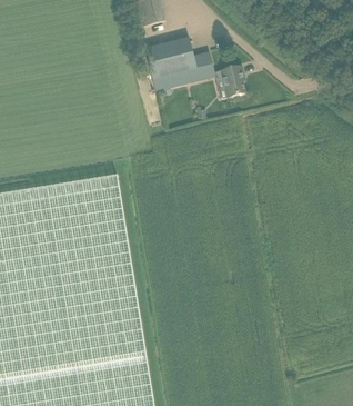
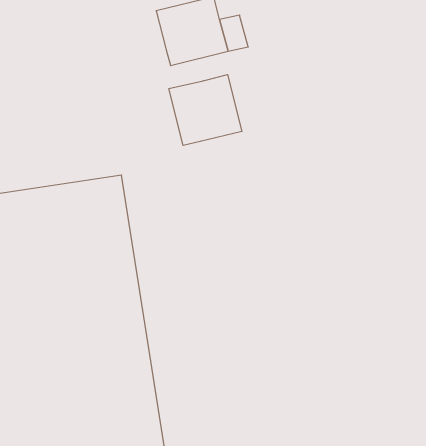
building: [220,66,244,98] -> none
building: none -> [169,75,242,145]

